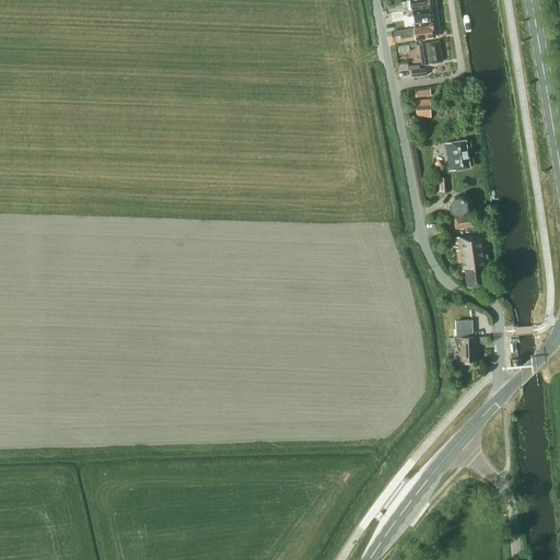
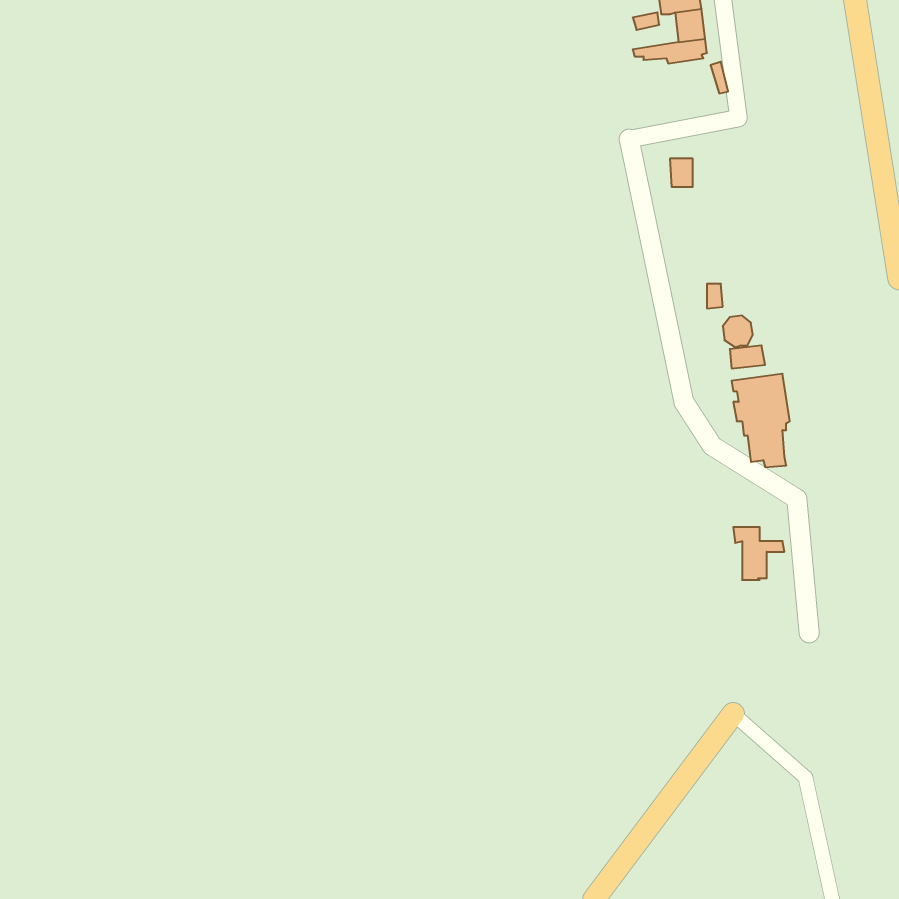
building: [418,40,441,65] -> none
building: [444,139,469,170] -> none

